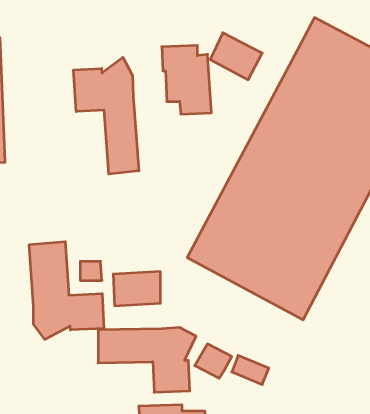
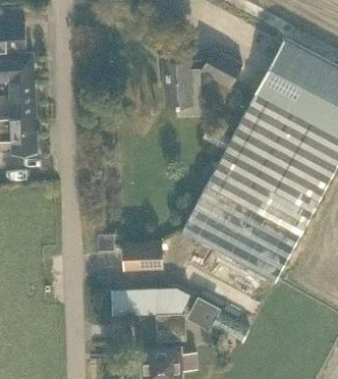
building: [74,57,139,174] -> none
building: [29,242,104,339] -> none

